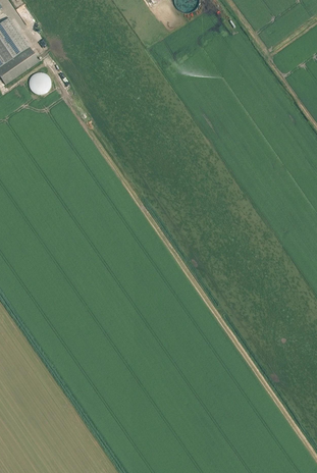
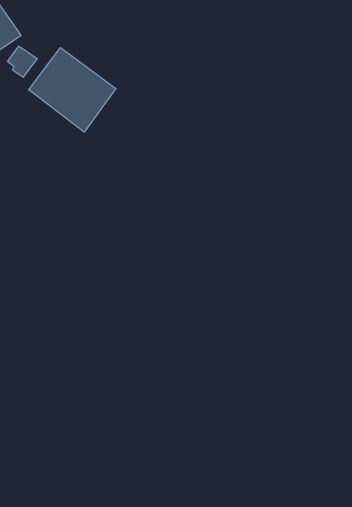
building: none -> [29,48,116,132]

